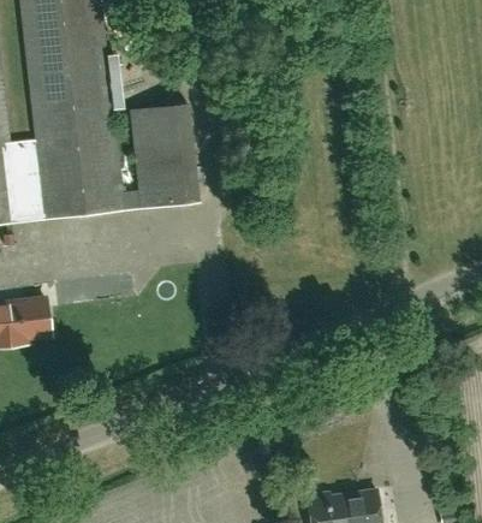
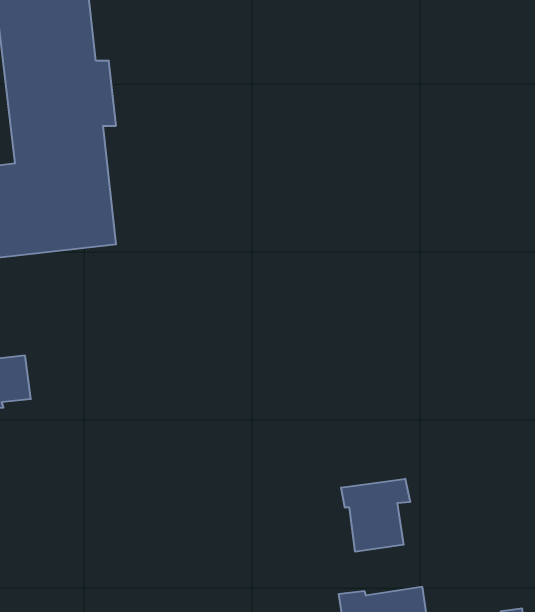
building: [130,106,196,206] -> none
building: none -> [341,479,410,552]

